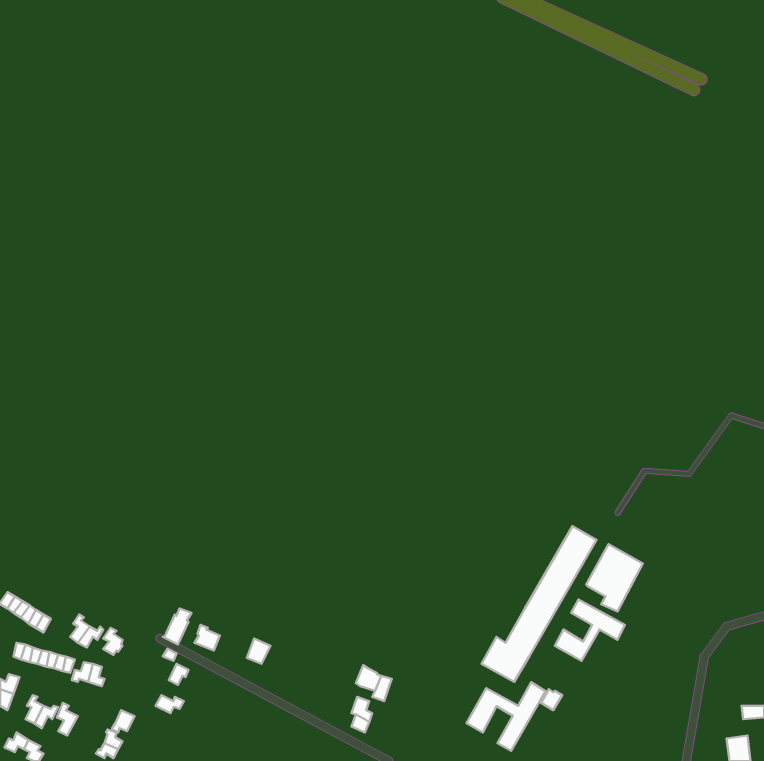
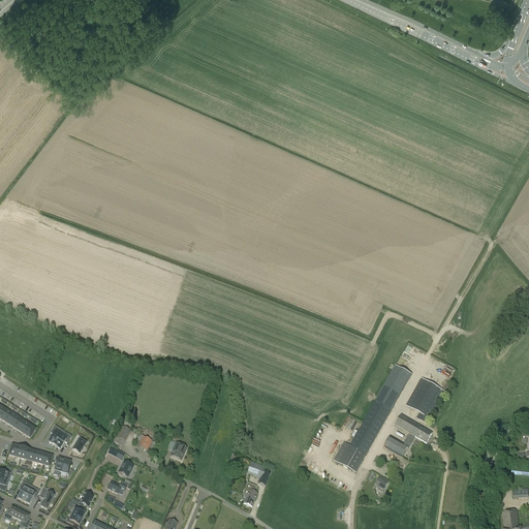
building: [466,682,545,751] -> none

